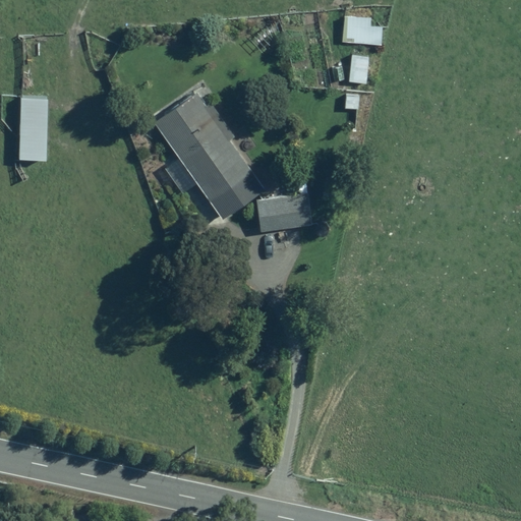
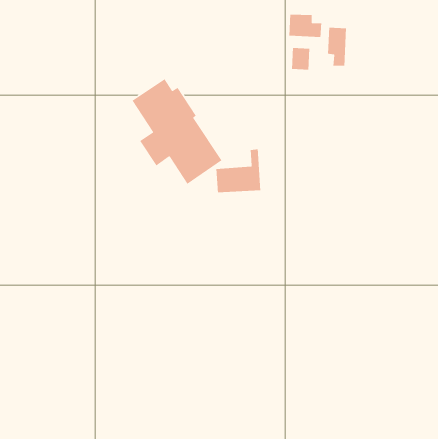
building: none -> [327,27,347,67]
building: [17,96,49,160] -> none

